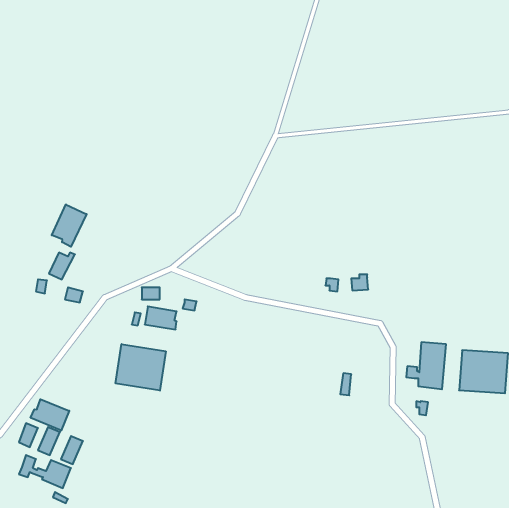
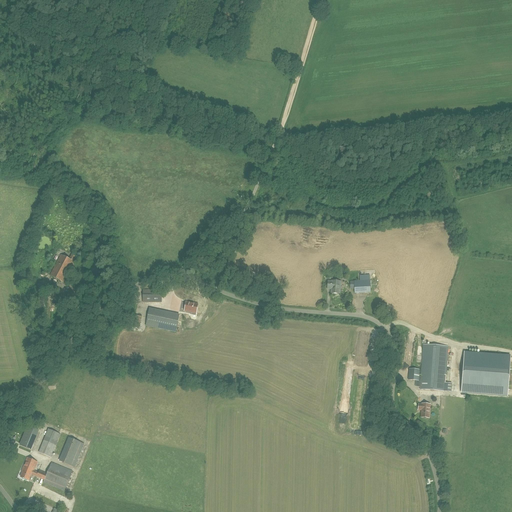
building: [52,204,87,247] -> none
building: [116,344,166,391] -> none
building: [31,399,69,431] -> none

